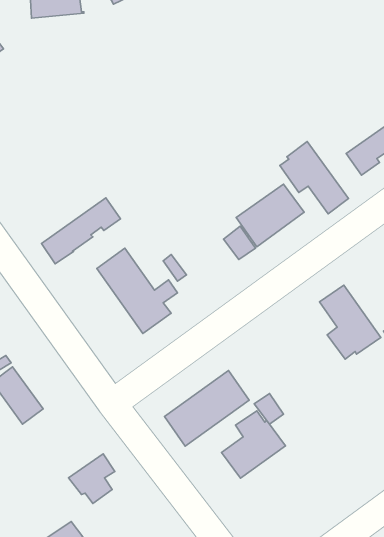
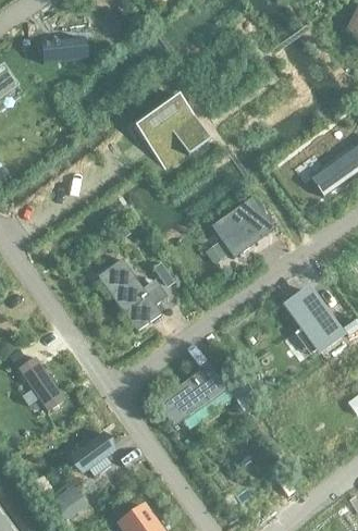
building: none -> [135,92,210,158]
building: [280,142,349,214] -> none
building: [42,198,121,264] -> none
building: [222,411,285,478] -> none

